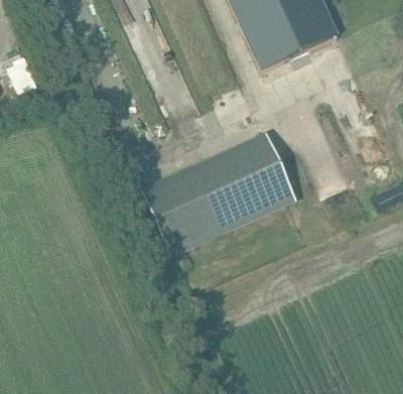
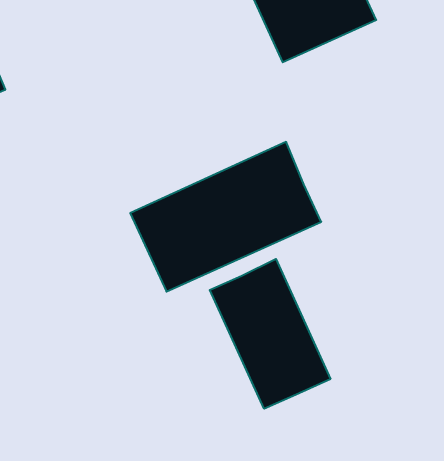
building: none -> [210,259,330,409]

